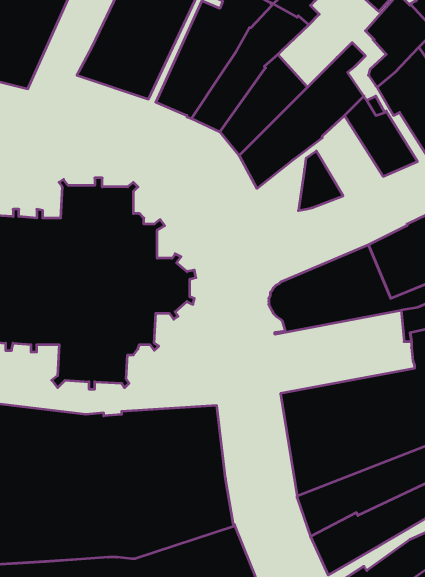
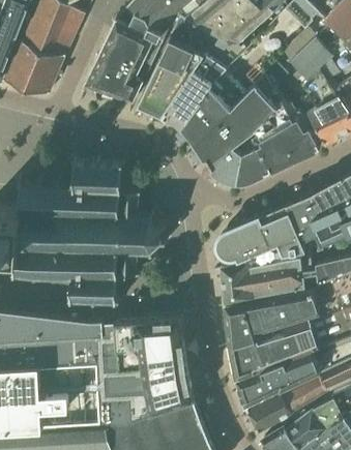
building: none -> [252,115,296,170]
building: none -> [208,146,241,181]
building: none -> [221,250,316,302]

